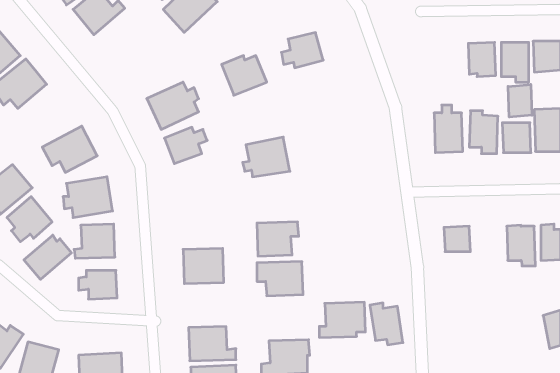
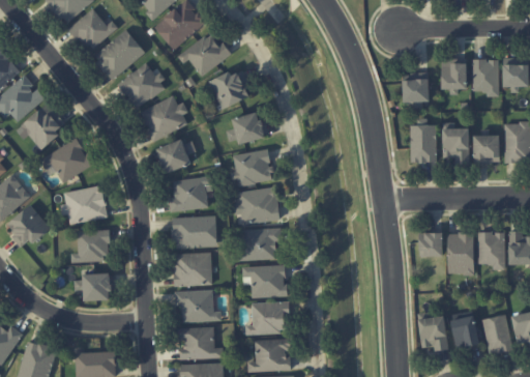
building: none -> [92,29,145,80]
building: none -> [181,33,231,77]
building: [281,33,323,68] -> [226,112,265,145]
building: none -> [116,61,165,110]
building: none -> [403,72,429,102]
building: [508,84,532,117] -> none
building: none -> [21,103,65,149]
building: none -> [169,177,206,211]
building: none -> [233,187,278,225]
building: none -> [171,215,216,248]
building: none -> [447,232,473,274]
building: [24,235,71,279] -> none
building: none -> [174,290,220,322]
building: [319,302,365,337] -> [245,301,289,335]
building: [370,303,403,345] -> [417,312,448,351]
building: none -> [449,310,478,347]
building: none -> [481,314,512,354]

